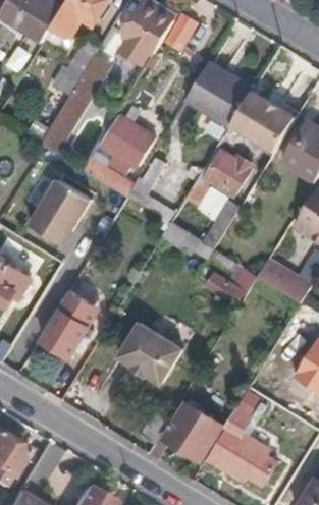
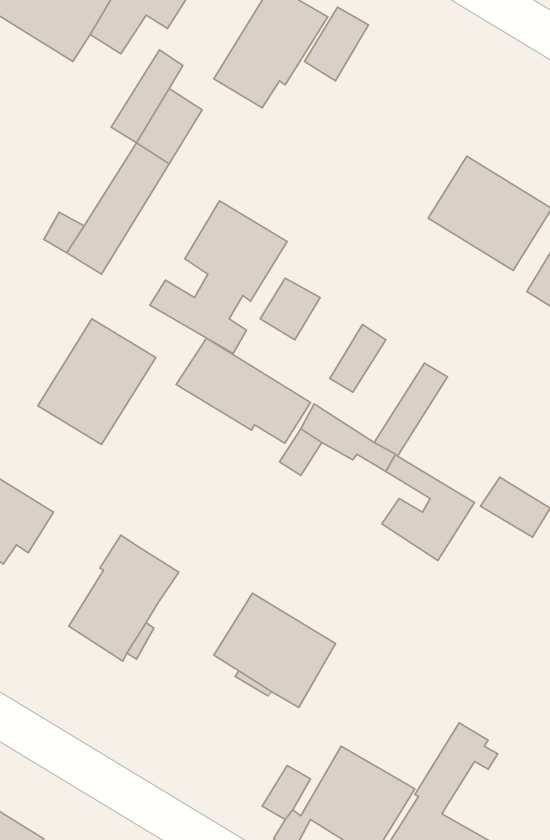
building: [185,61,253,126] -> none
building: [205,151,251,195] -> none
building: none -> [176,338,311,443]

